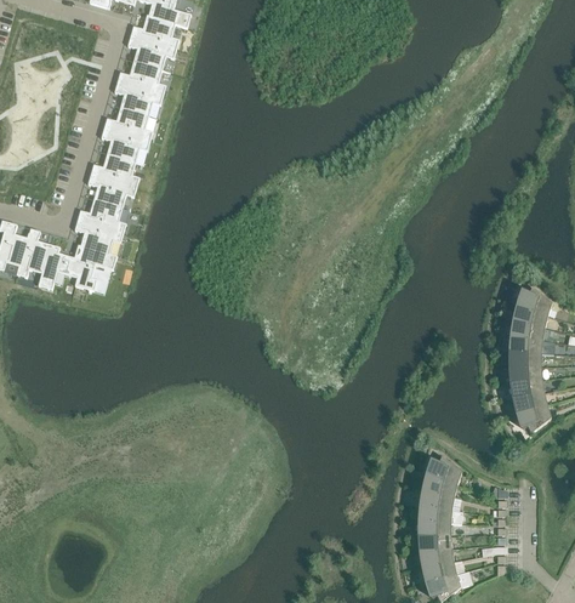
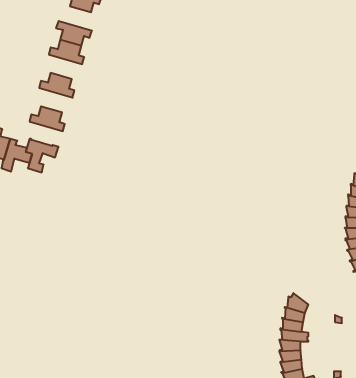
building: [115,62,164,96] -> none
building: [98,129,148,163] -> none
building: [85,175,135,209] -> none
building: [73,221,121,255] -> none

